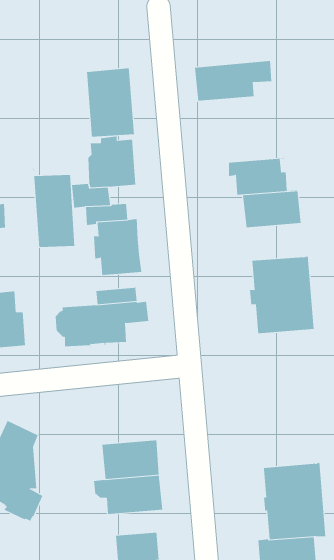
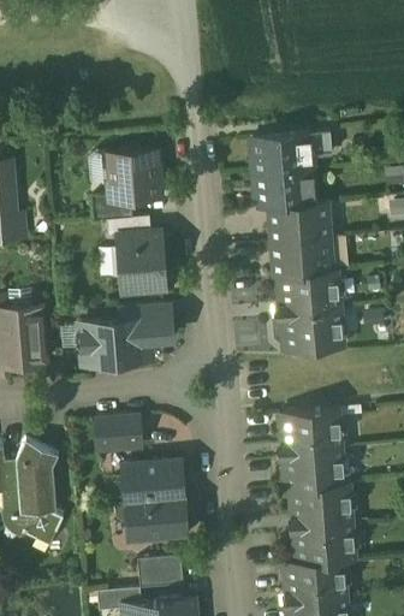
building: [194,60,272,101] -> [250,132,331,174]
building: [86,68,134,137] -> none
building: [33,168,75,248] -> none
building: none -> [272,237,332,276]
building: none -> [279,410,345,491]
building: none -> [95,414,141,451]

